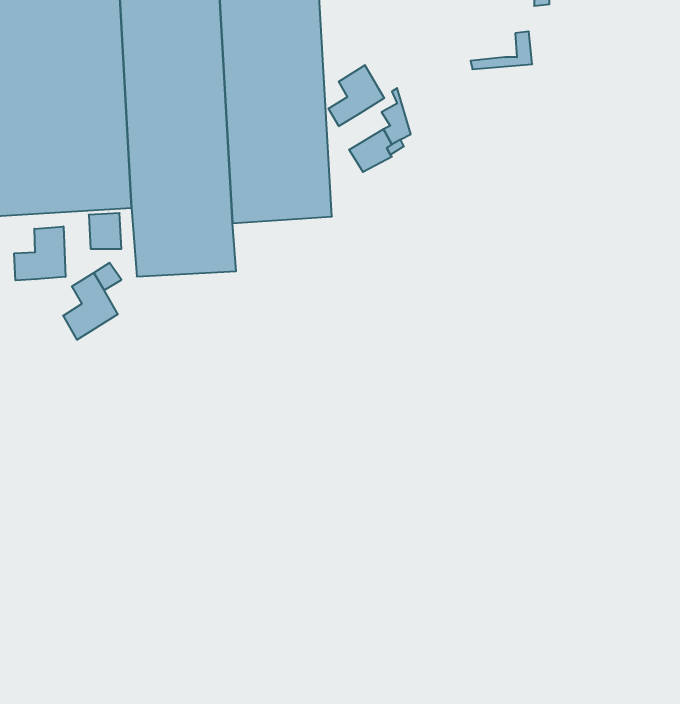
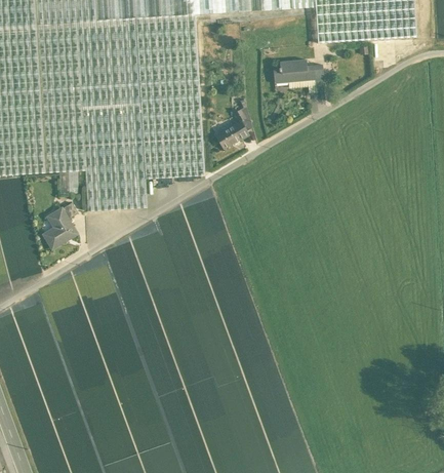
building: none -> [273,57,308,81]
building: [328,65,384,126] -> none
building: [14,226,65,280] -> none

